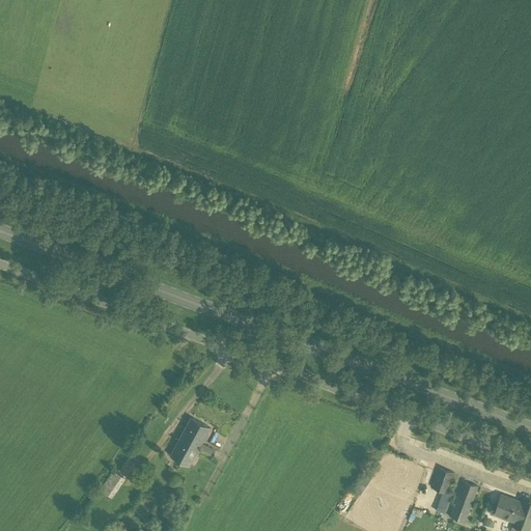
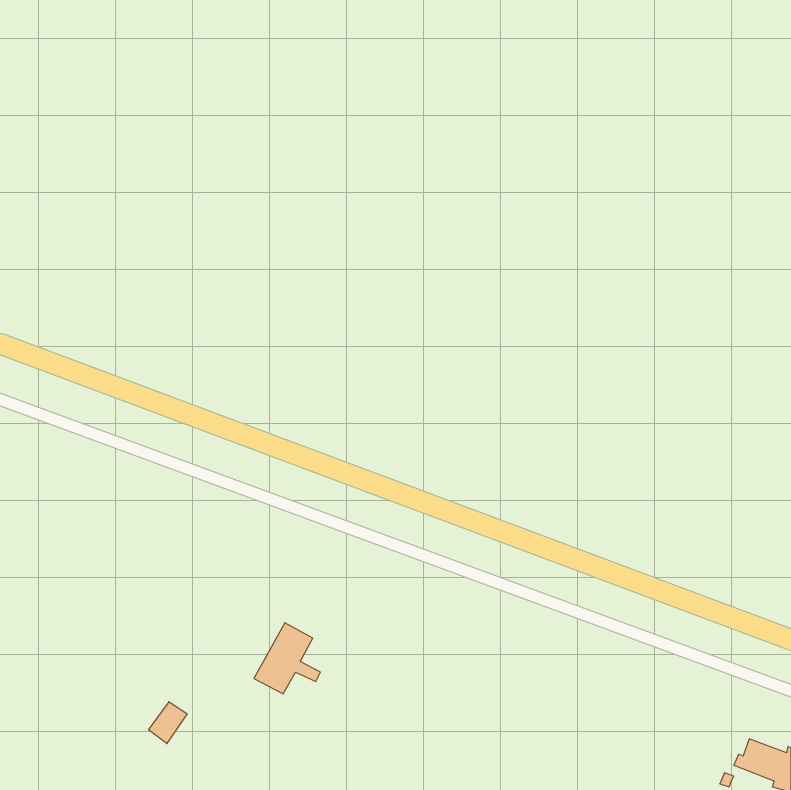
building: [430,468,454,514] -> none
building: [449,480,479,523] -> none

